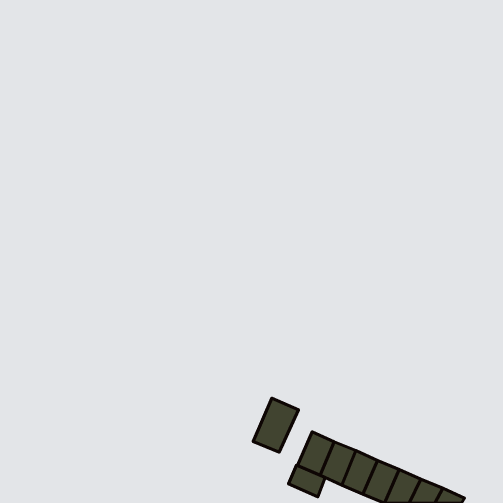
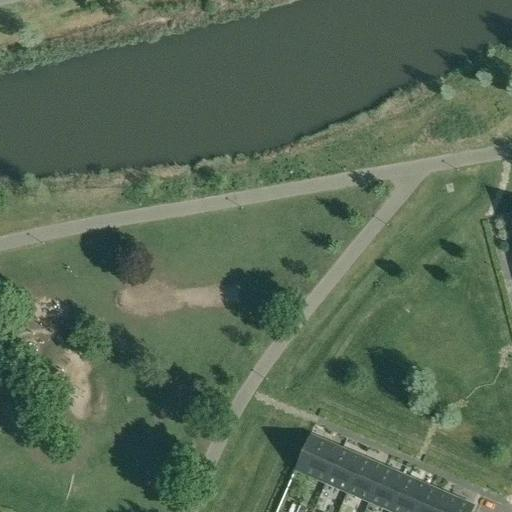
building: [253,398,299,452] -> none
building: [289,465,325,497] -> none

